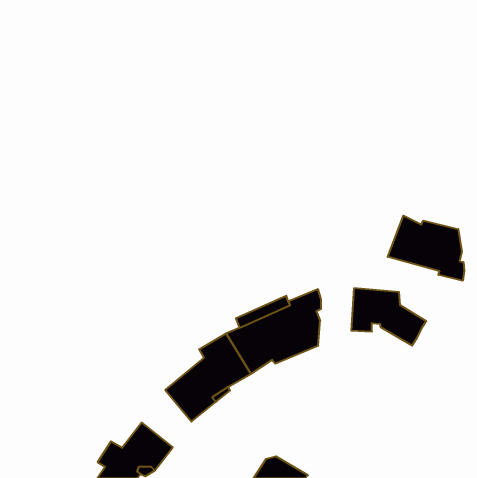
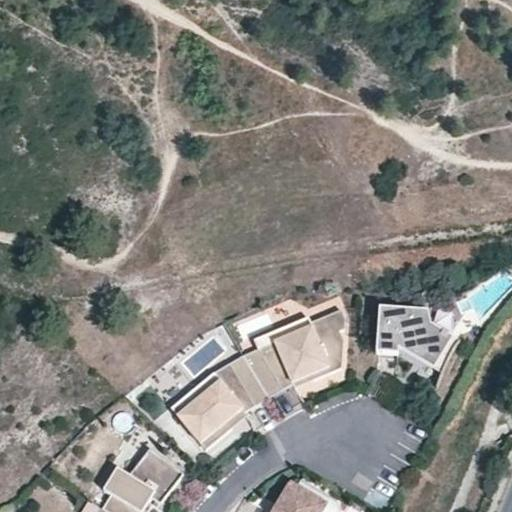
building: [388,216,464,281] -> none

